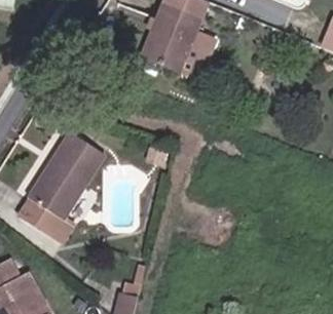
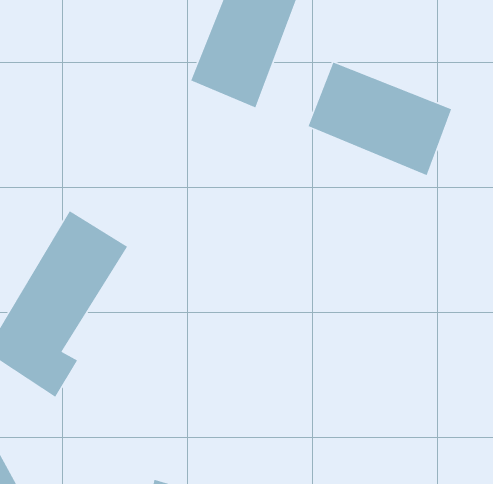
building: none -> [308,61,452,176]

